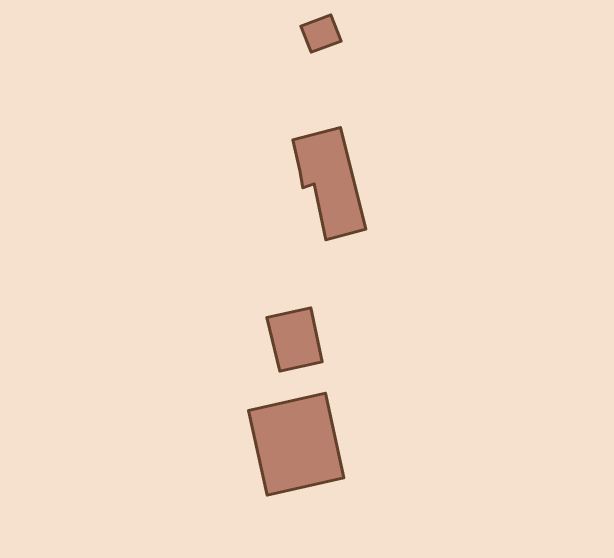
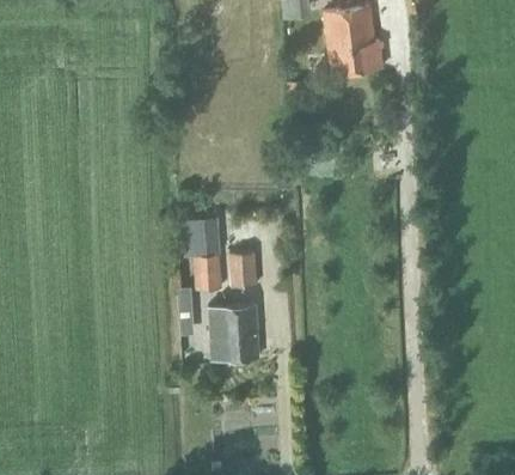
building: [293,128,366,240] -> [188,225,222,291]

